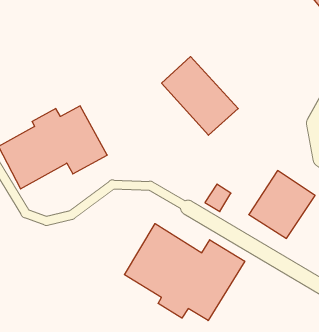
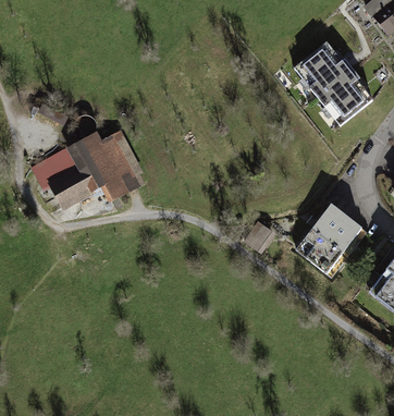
building: [162,57,238,135] -> [294,39,373,124]
building: [124,224,245,321] -> none

